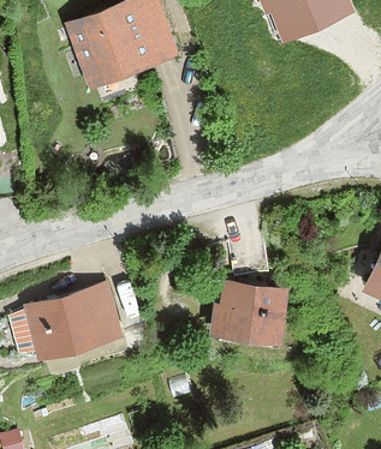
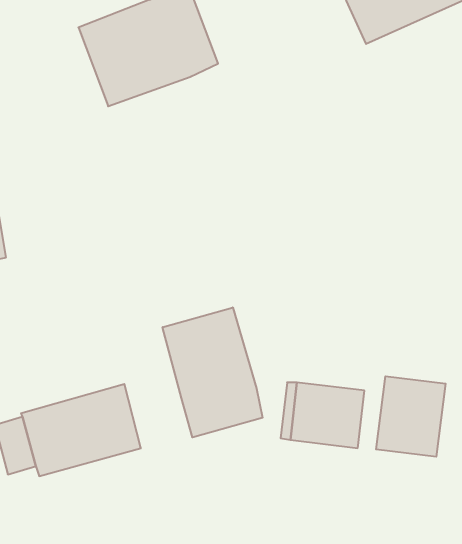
building: none -> [163,307,263,437]
building: none -> [376,376,446,457]

